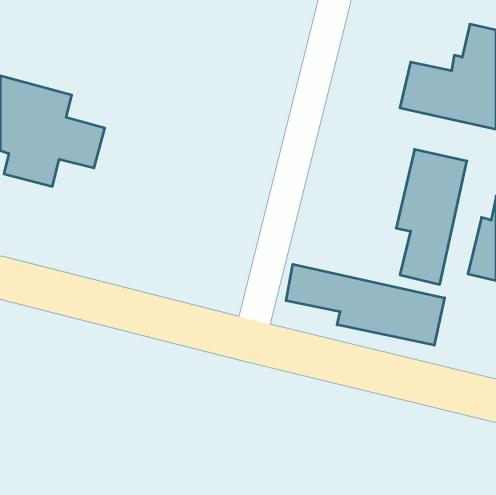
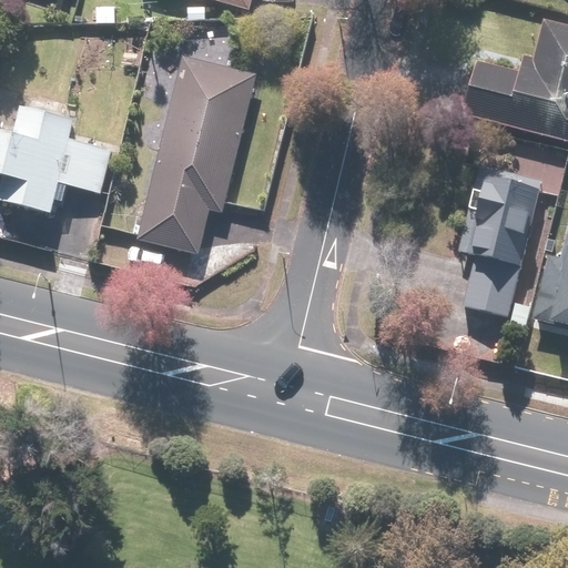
building: none -> [143,55,258,252]
building: [286,264,445,345] -> none

